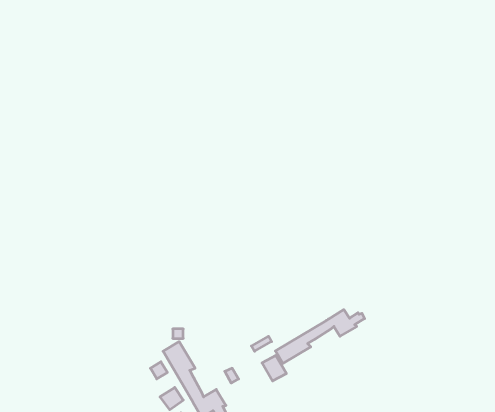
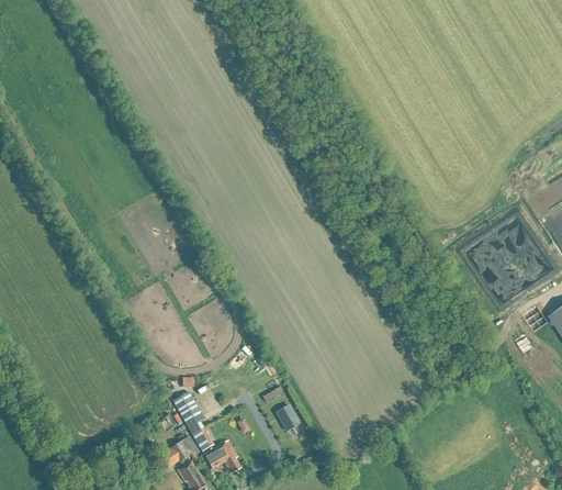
building: [275,310,365,363] -> none

